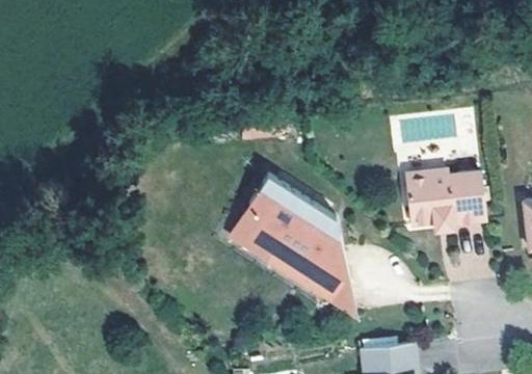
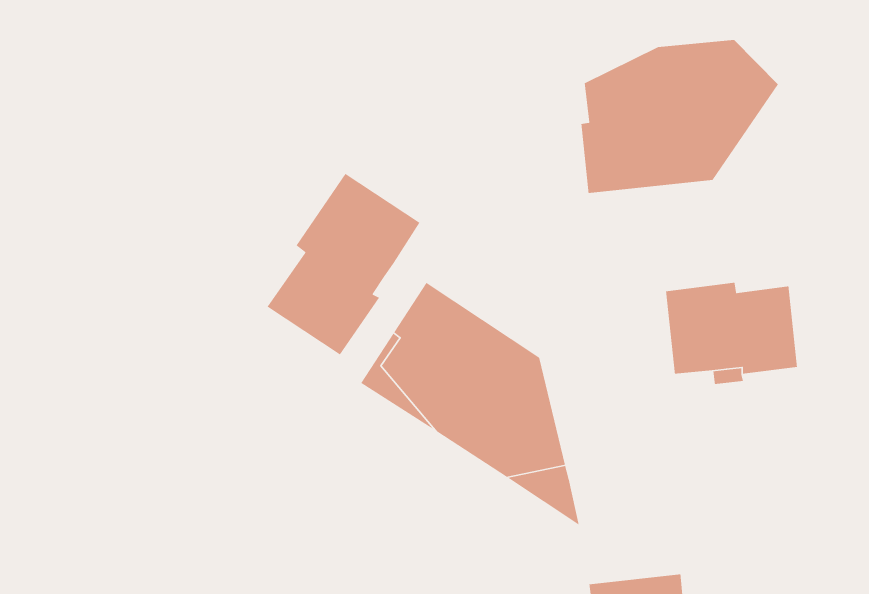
building: none -> [581,39,779,194]
building: none -> [267,173,420,356]

